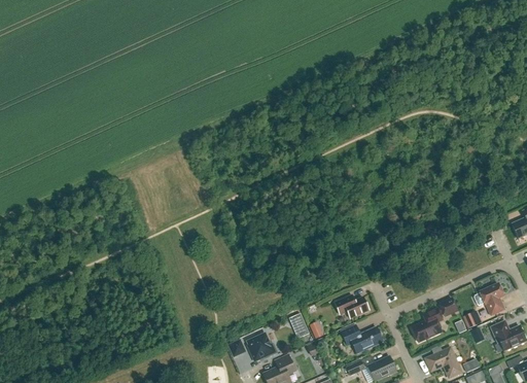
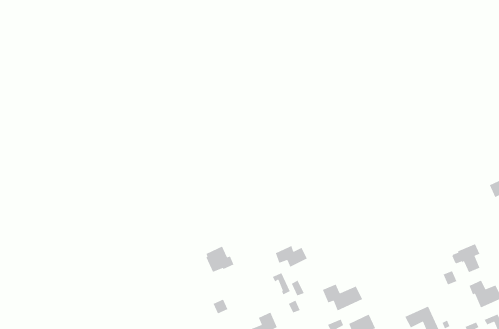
building: [335,294,368,318] -> [275,245,308,268]
building: [412,298,457,341] -> none
building: [247,333,277,360] -> [205,246,235,273]

